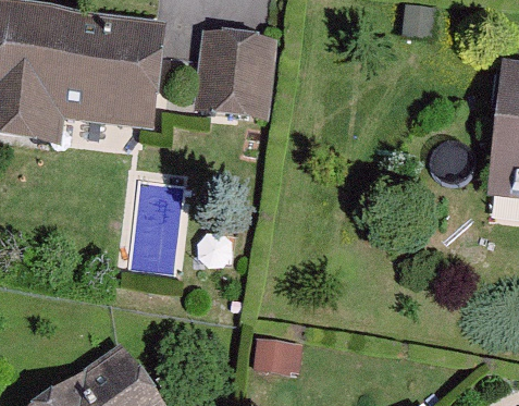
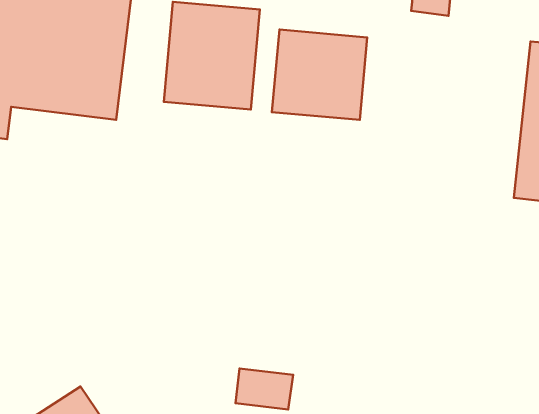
building: none -> [272,30,367,120]

